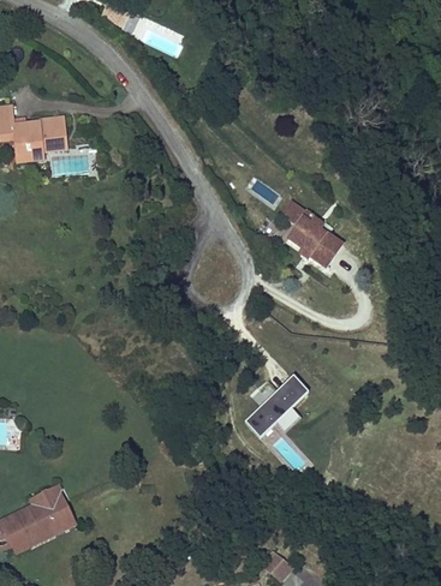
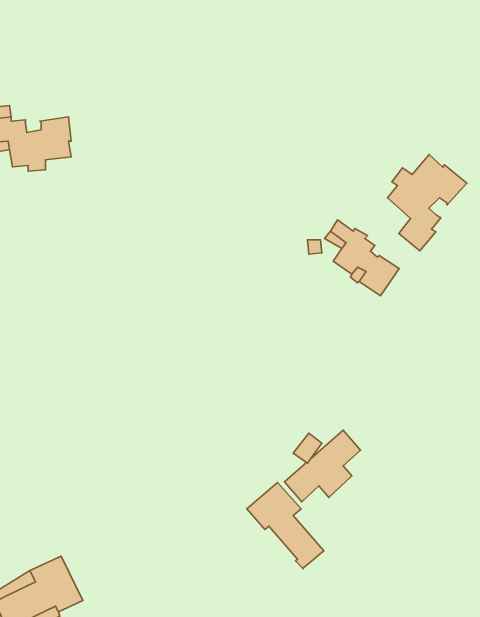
building: none -> [388,154,467,251]
building: none -> [247,482,324,569]

